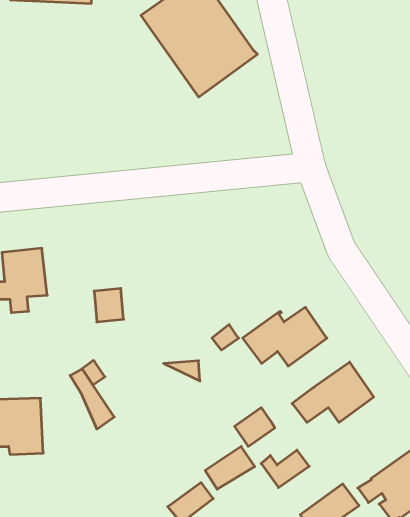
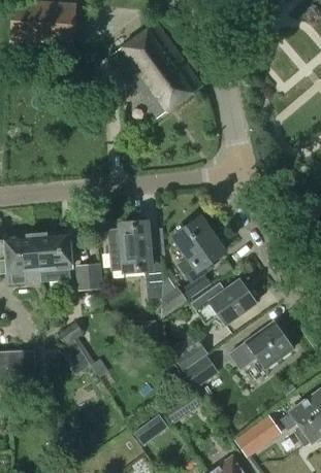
building: none -> [174,217,224,279]
building: none -> [108,223,162,291]
building: none -> [36,231,71,281]
building: [261,450,309,488] -> [169,340,206,369]

